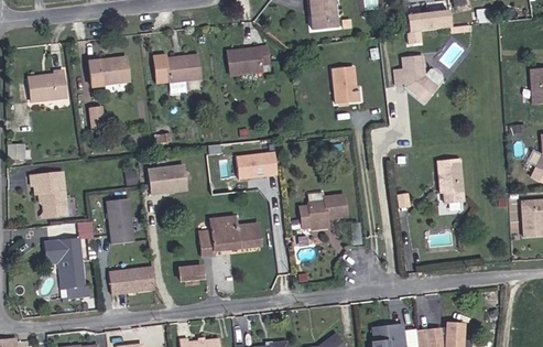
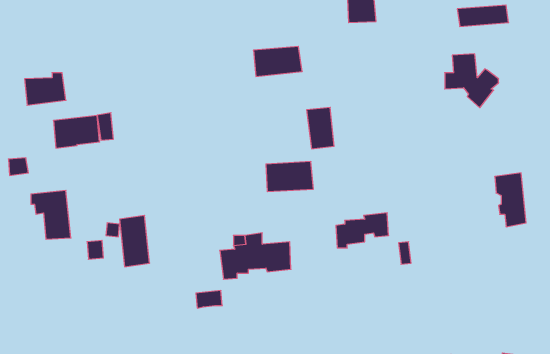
building: [165,56,200,83] -> none
building: [86,58,127,87] -> [53,116,100,148]
building: [332,69,356,106] -> [307,107,334,149]
building: [151,163,189,194] -> none
building: [50,237,89,294] -> none
building: [109,264,155,291] -> none

